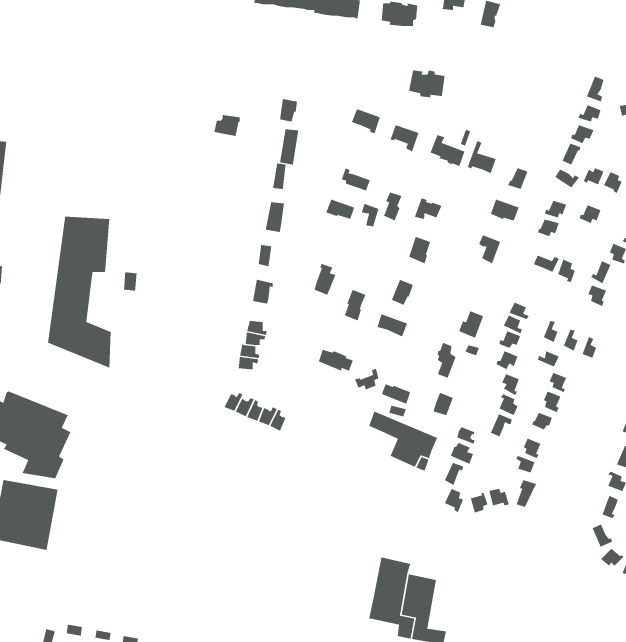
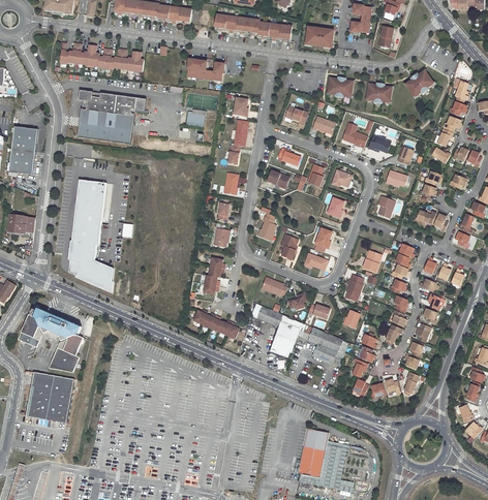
building: none -> [58,42,143,70]
building: none -> [186,59,224,80]
building: none -> [405,70,434,97]
building: none -> [366,83,393,103]
building: none -> [78,90,145,144]
building: none -> [251,303,302,358]

